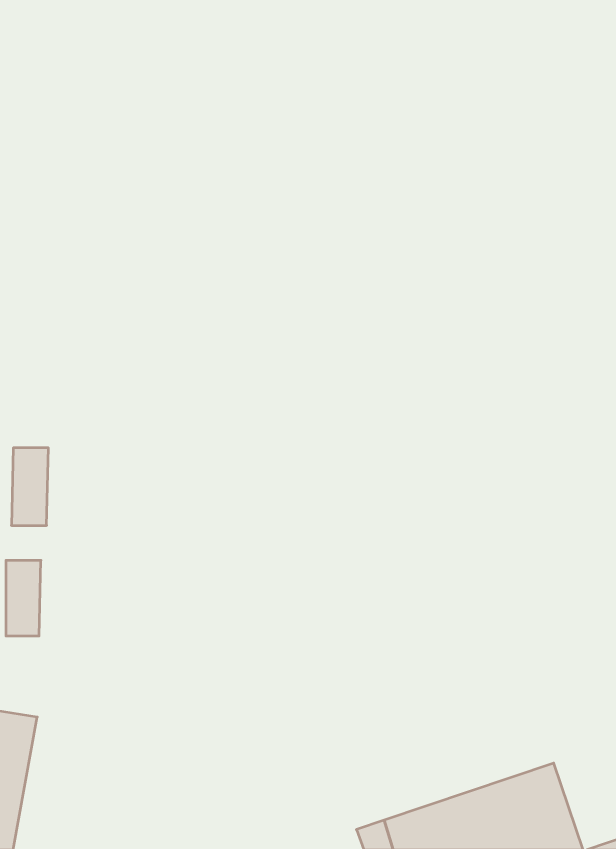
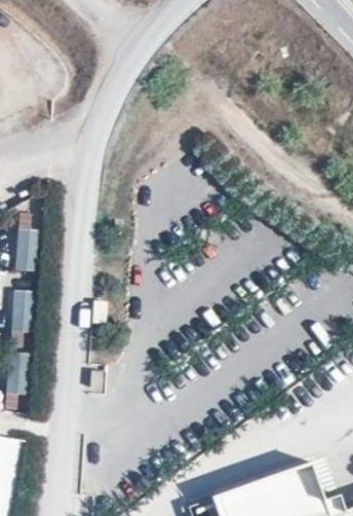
building: none -> [10,227,37,272]

